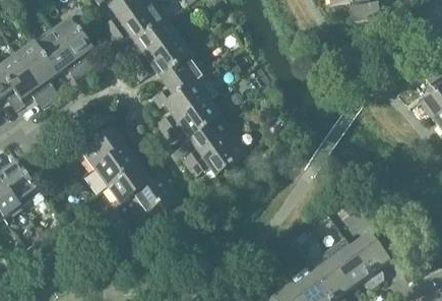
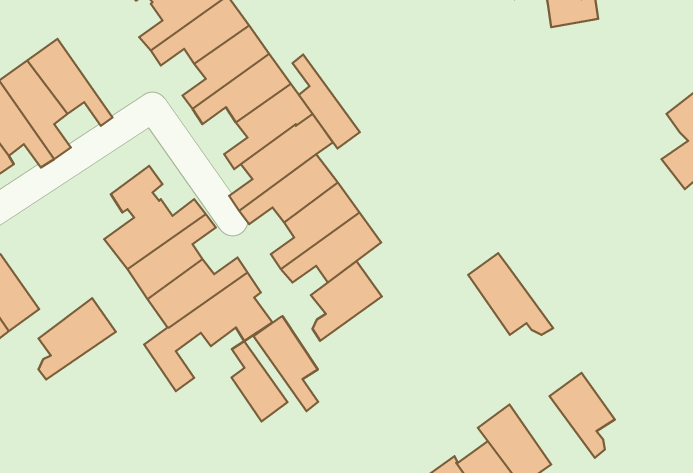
building: [50,14,92,75] -> none
building: none -> [293,55,360,149]
building: none -> [311,261,382,341]
building: none -> [38,298,116,379]
building: none -> [253,316,318,411]
building: none -> [232,341,287,421]
building: [325,237,377,287] -> [468,253,553,335]

